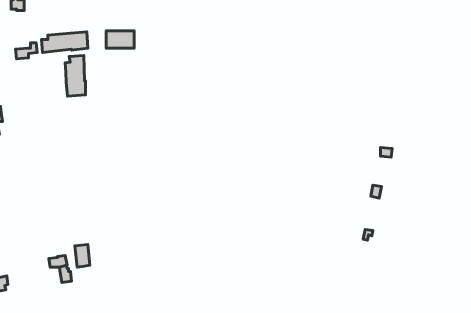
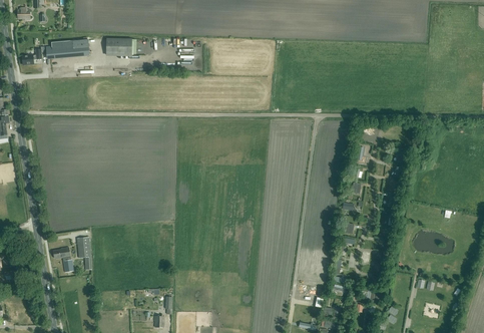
building: [65,56,86,96] -> none

